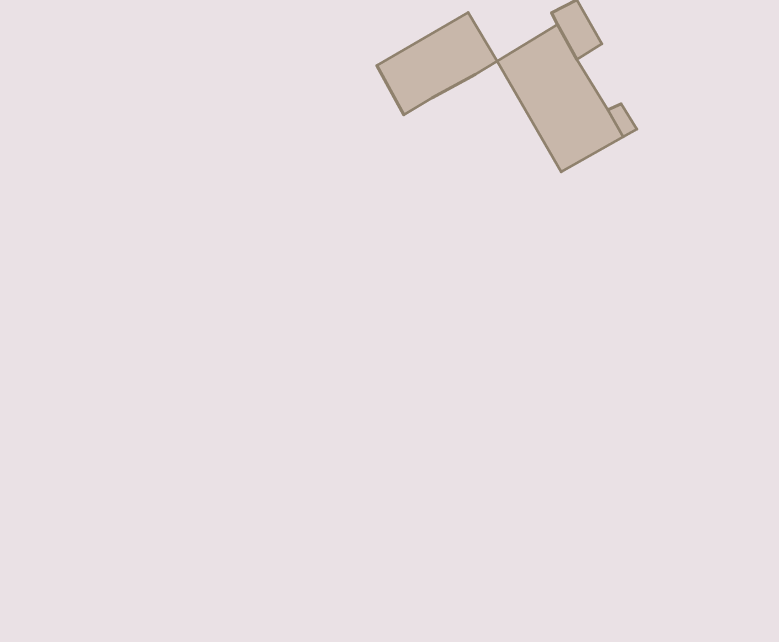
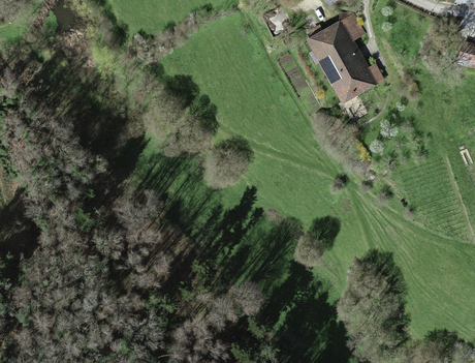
building: [377,12,497,115] -> none

